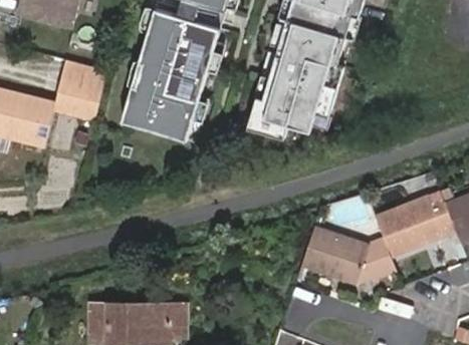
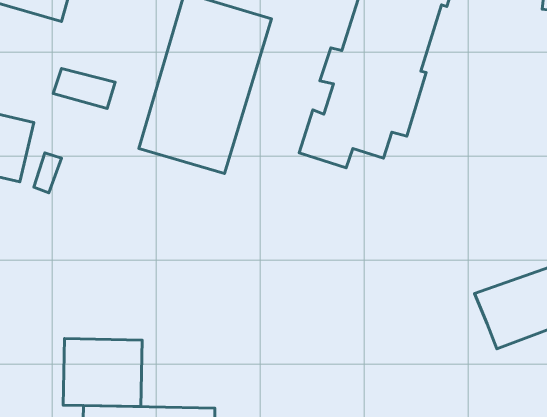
building: [58,76,104,113] -> none
building: [299,227,392,289] -> none
building: none -> [63,339,142,407]

